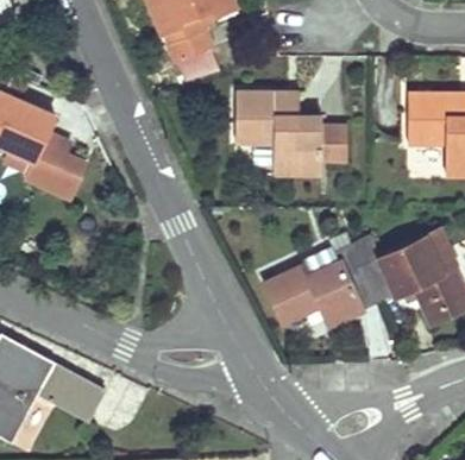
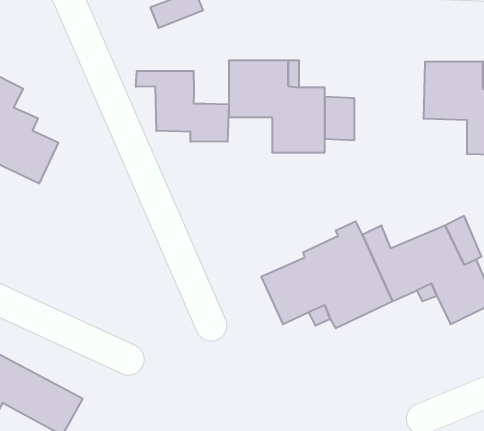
building: none -> [136,71,229,142]

